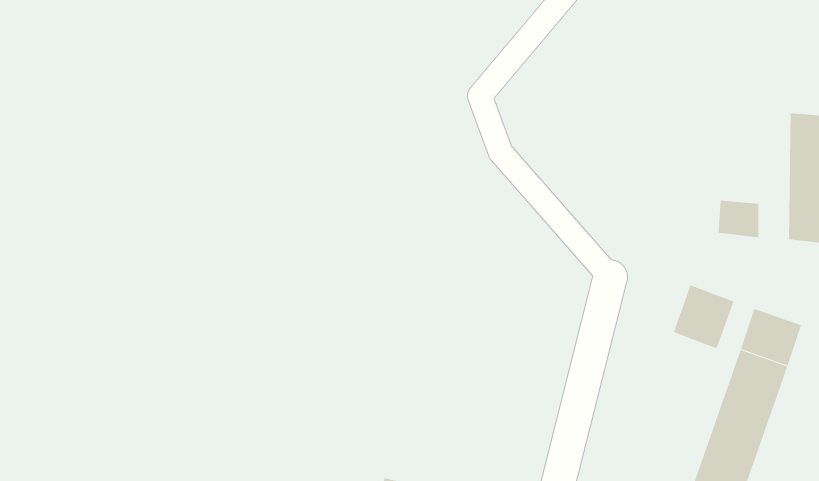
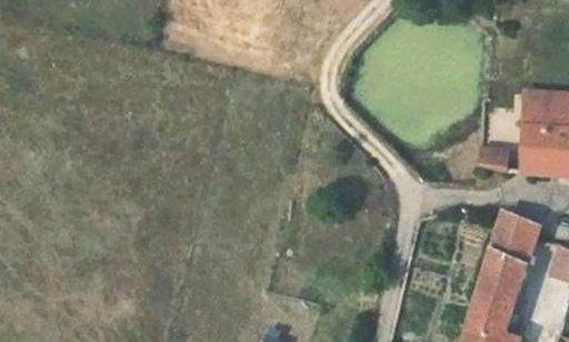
building: [673,285,734,349] -> none

